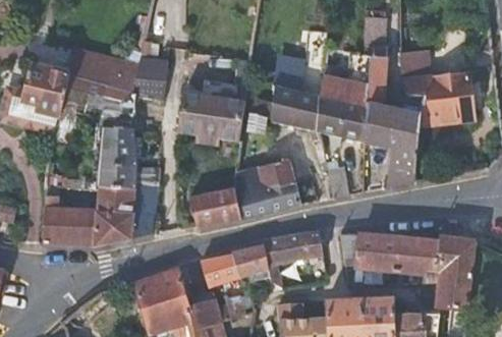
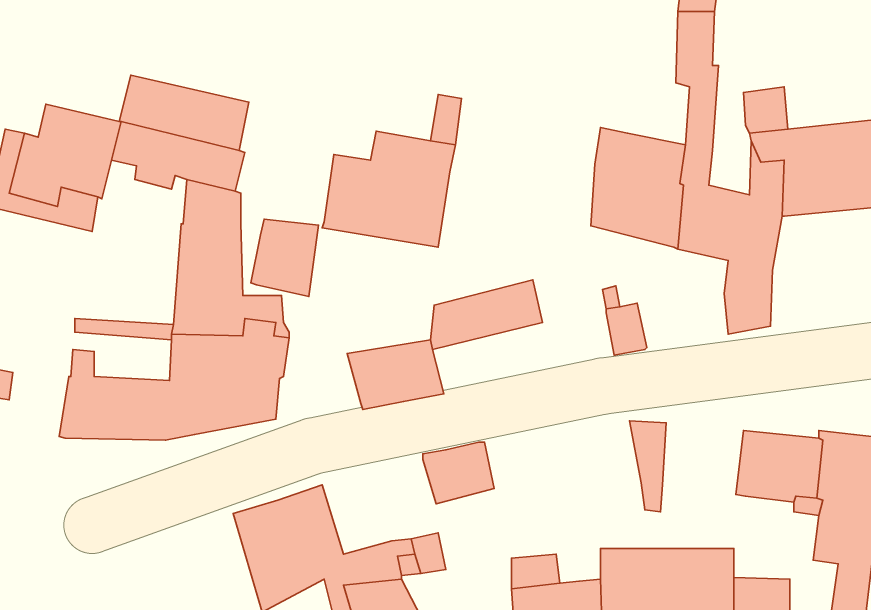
building: [134,57,170,98] -> [251,219,318,296]
building: [247,69,322,133] -> none
building: [236,181,300,219] -> none
building: [261,230,323,286] -> none
building: [357,234,400,272] -> none
building: [201,254,238,287] -> none

